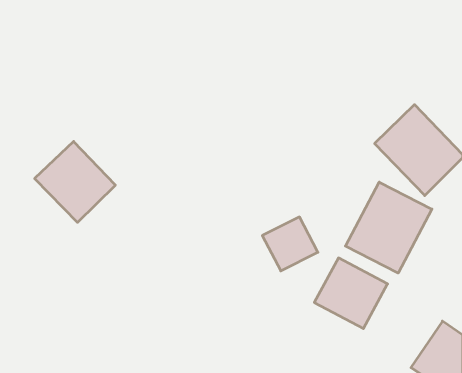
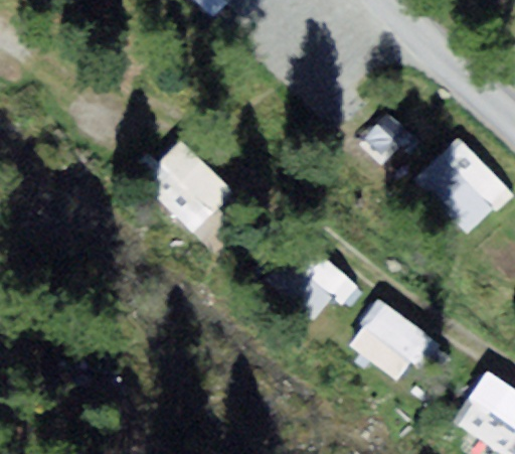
building: [35,141,115,222] -> [145,145,232,233]
building: [345,182,432,273] -> none

